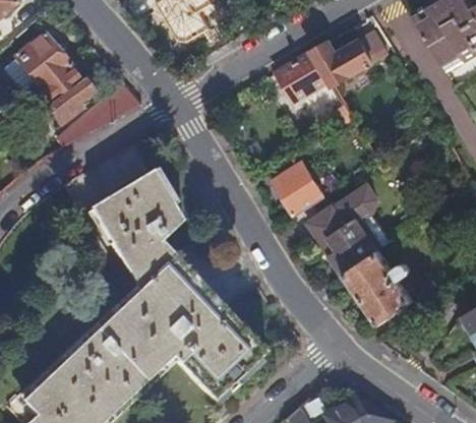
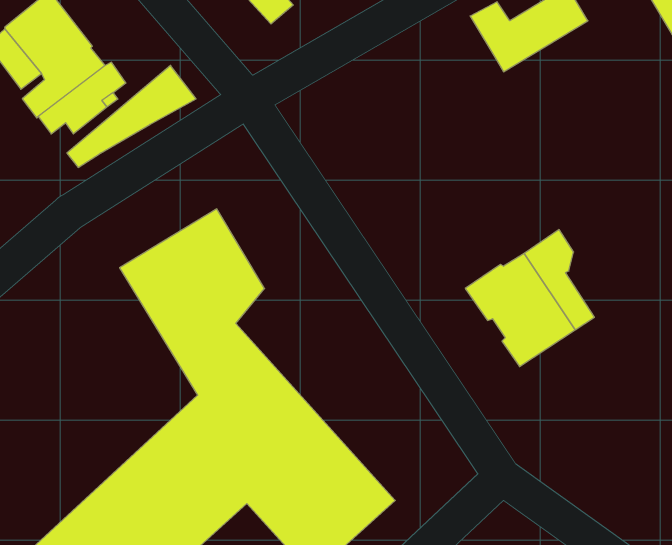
building: [278,49,332,101] -> none
building: [275,161,326,214] -> none
building: [345,249,414,323] -> none

